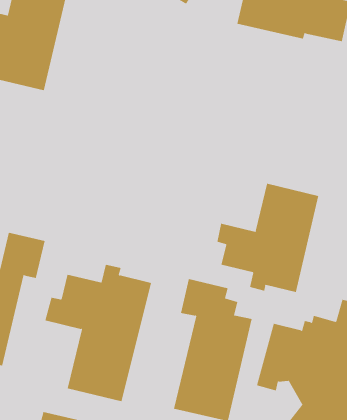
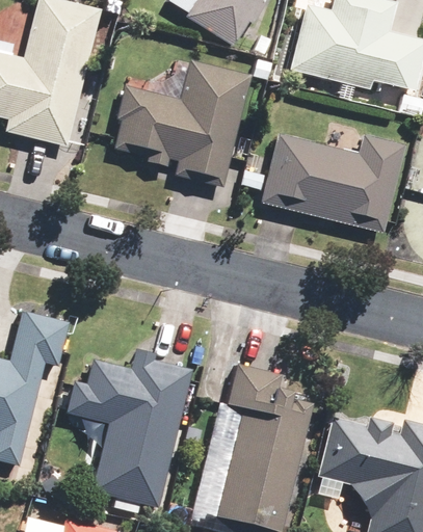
building: none -> [111,61,252,186]
building: none -> [261,134,403,232]
building: [217,183,319,293] -> none

